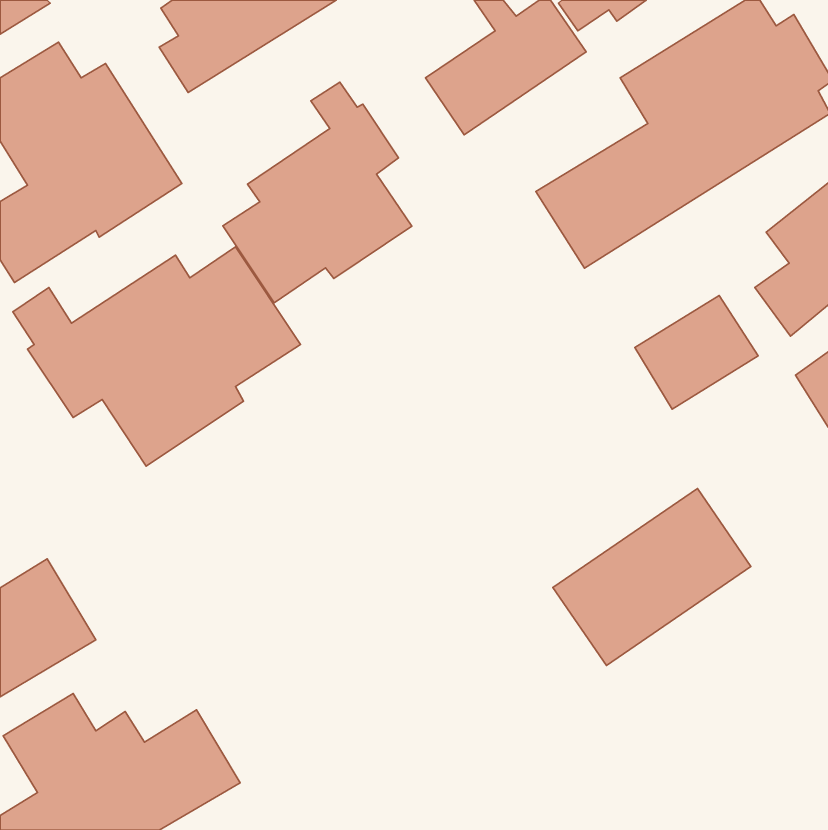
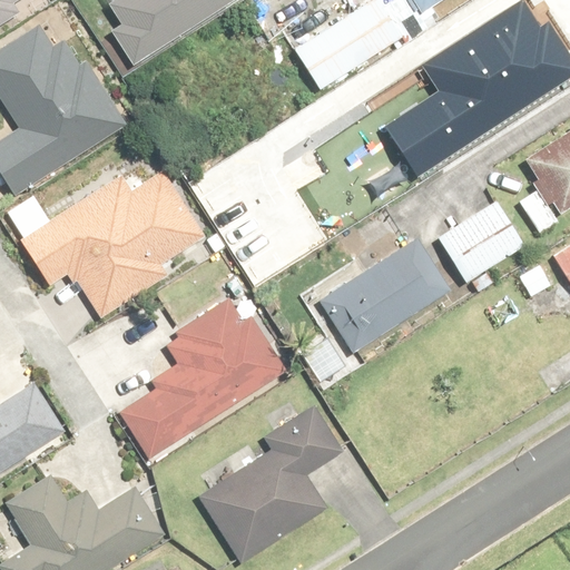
building: [223,82,412,303] -> none
building: none -> [115,297,288,464]
building: [553,488,751,665] -> [314,234,450,355]
building: none -> [203,405,345,562]

